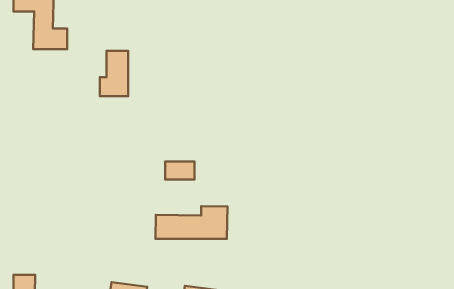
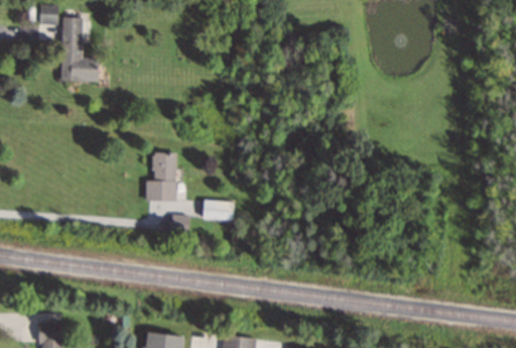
building: [100,51,128,96] -> [146,152,176,201]
building: [155,206,227,239] -> none

